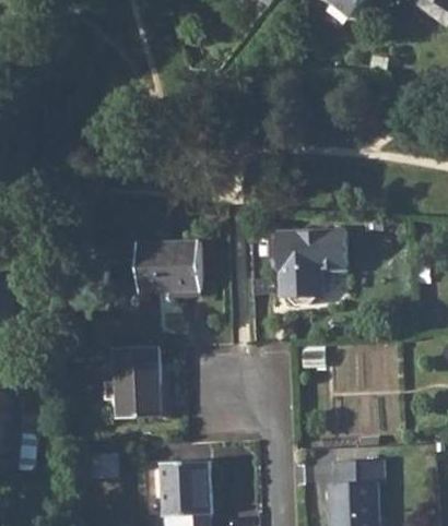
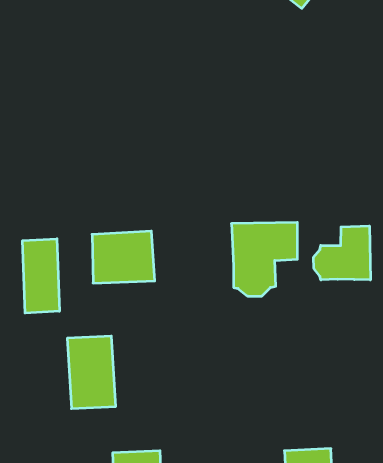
building: none -> [314,226,370,280]
building: none -> [23,239,59,313]

